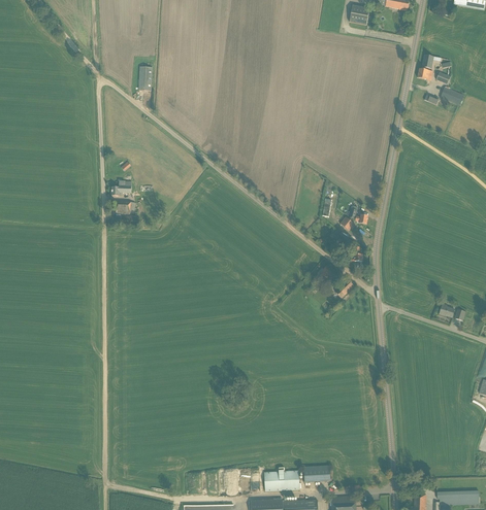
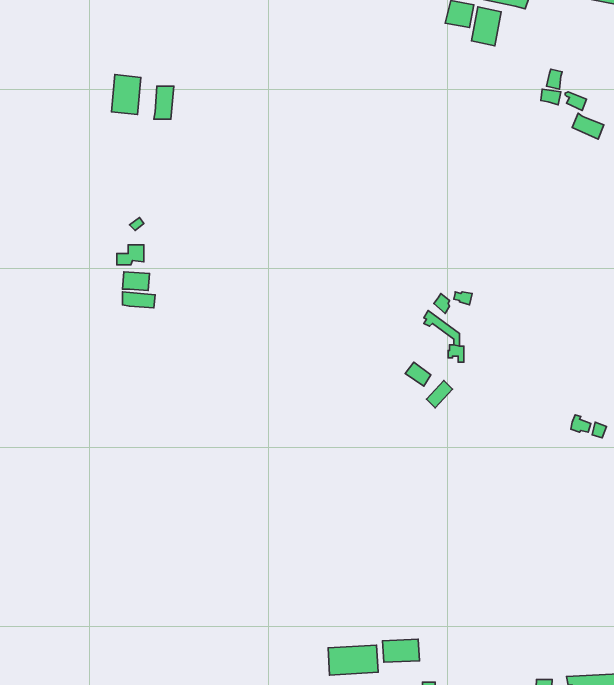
building: none -> [472,7,501,46]
building: none -> [112,75,141,115]

